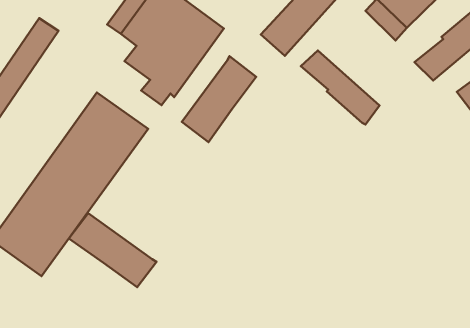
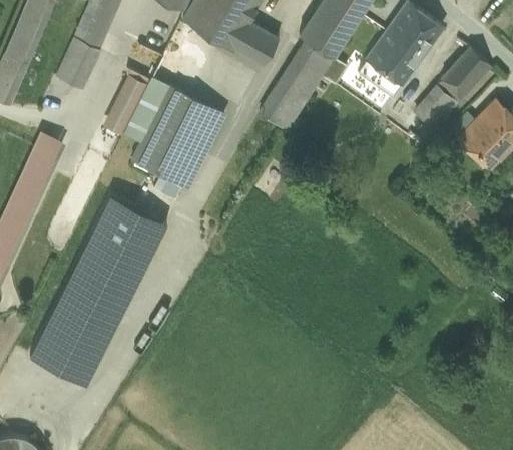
building: [301,51,380,125] -> none
building: [182,56,256,142] -> none
building: [69,213,156,287] -> none

